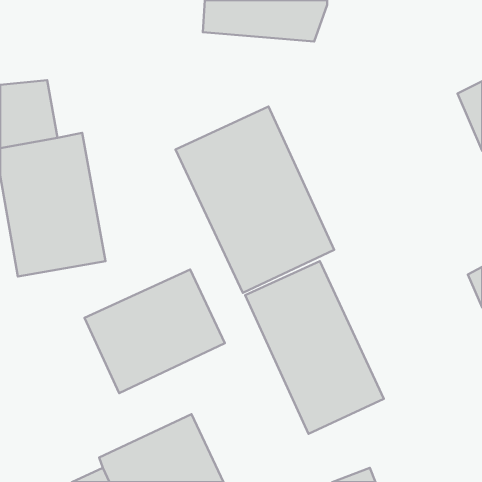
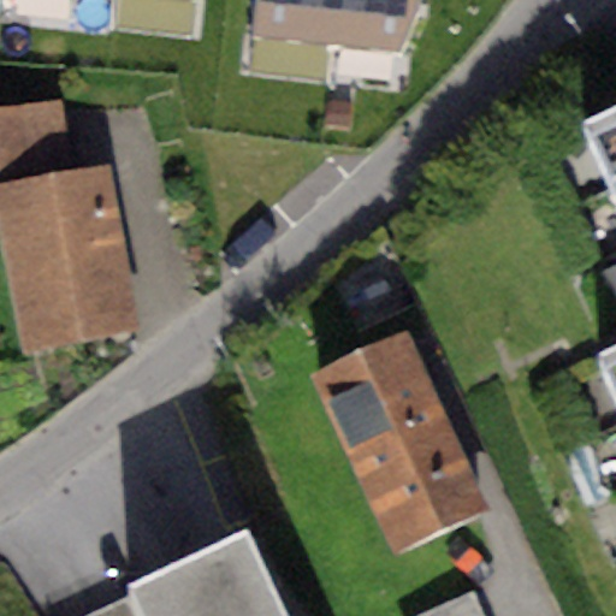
building: [175,107,334,293] -> none
building: [84,269,225,393] -> none

